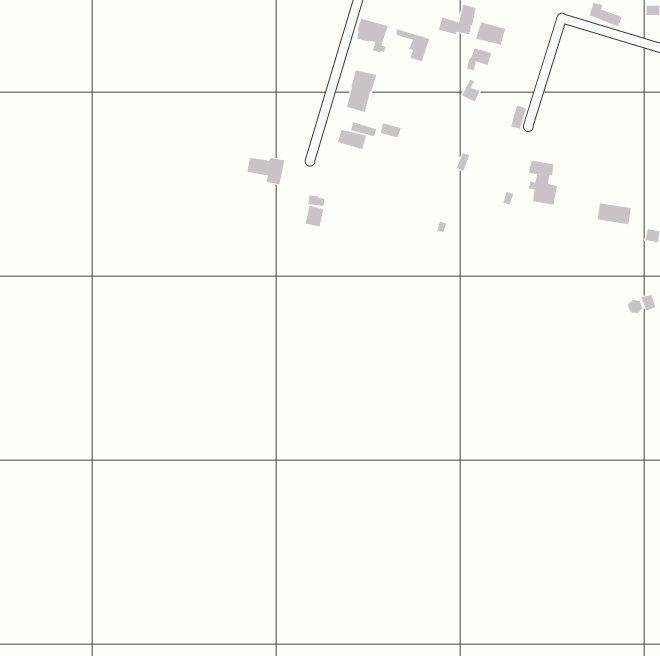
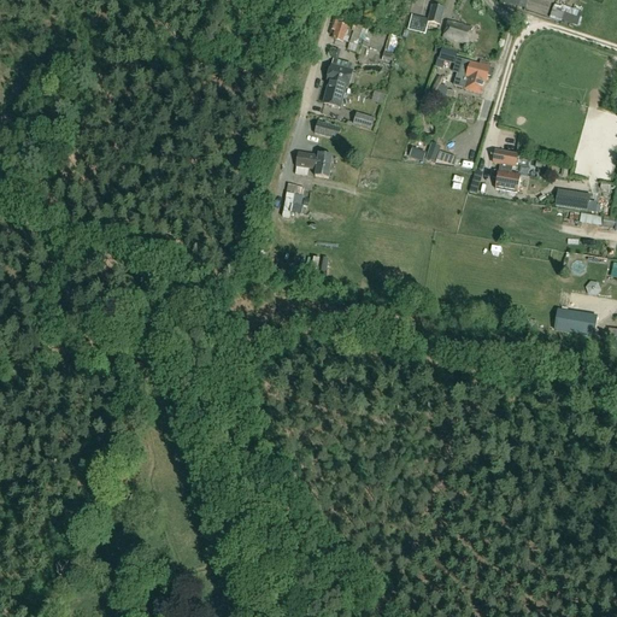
building: none -> [454,59,492,93]
building: [247,158,285,185] -> [296,152,333,177]
building: none -> [554,307,595,334]

